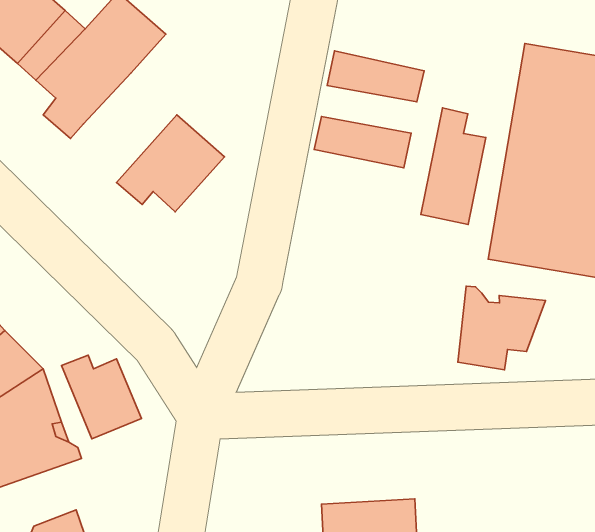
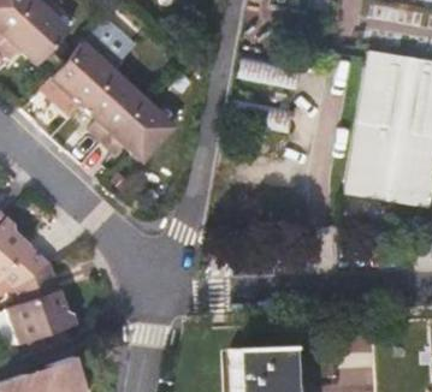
building: none -> [78,70,140,142]
building: [421,108,486,224] -> none
building: [458,286,545,370] -> none
building: [61,355,142,439] -> none

